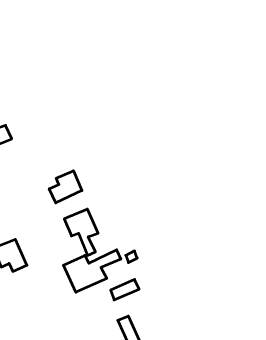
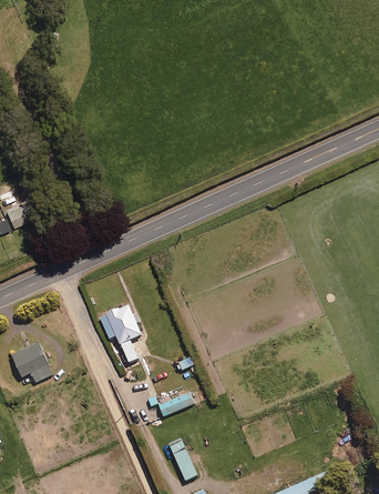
building: [49,171,82,203] -> none
building: [63,250,121,292] -> none

